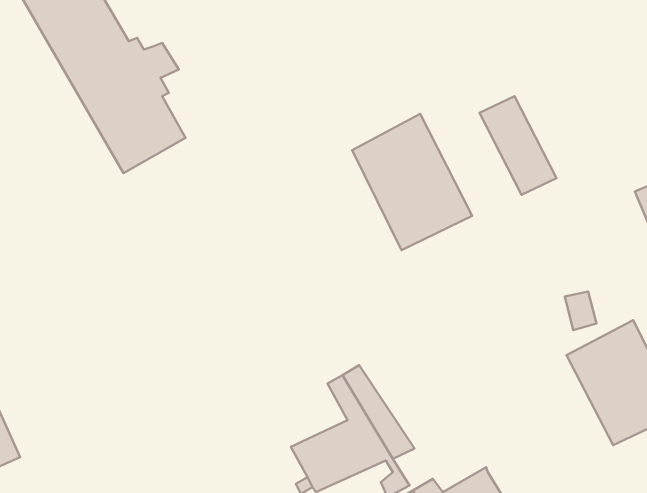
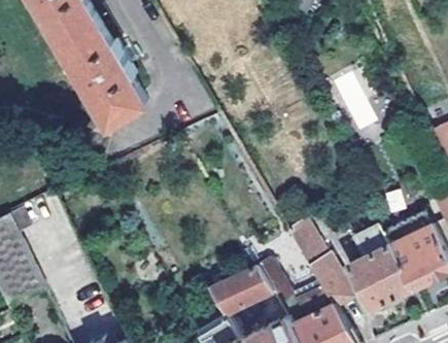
building: [352,114,472,250] -> none
building: none -> [286,222,348,307]
building: none -> [345,227,409,311]

